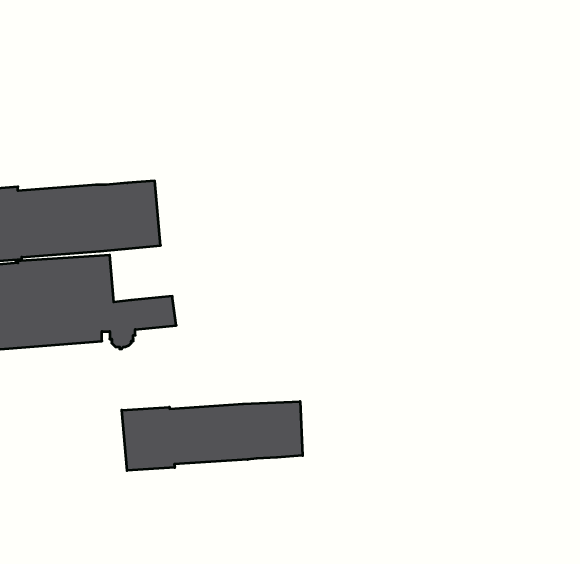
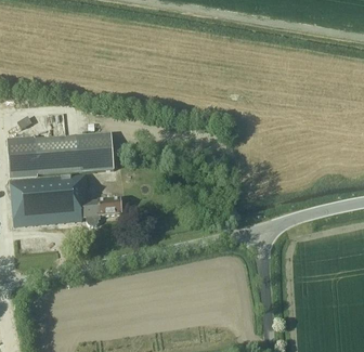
building: [122,401,303,471] -> none

